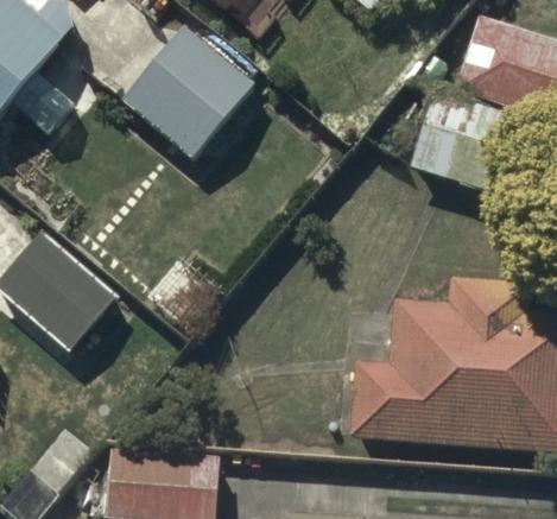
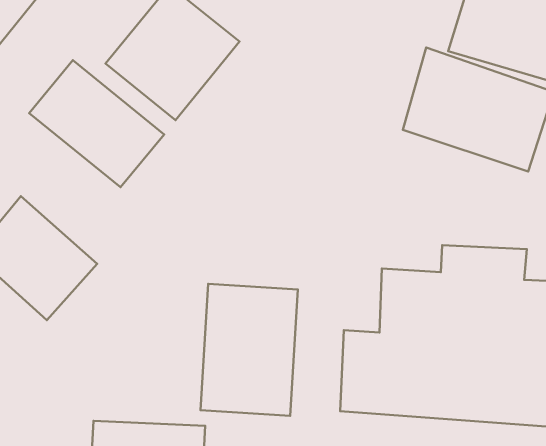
building: none -> [29,60,164,187]
building: none -> [201,284,298,416]

